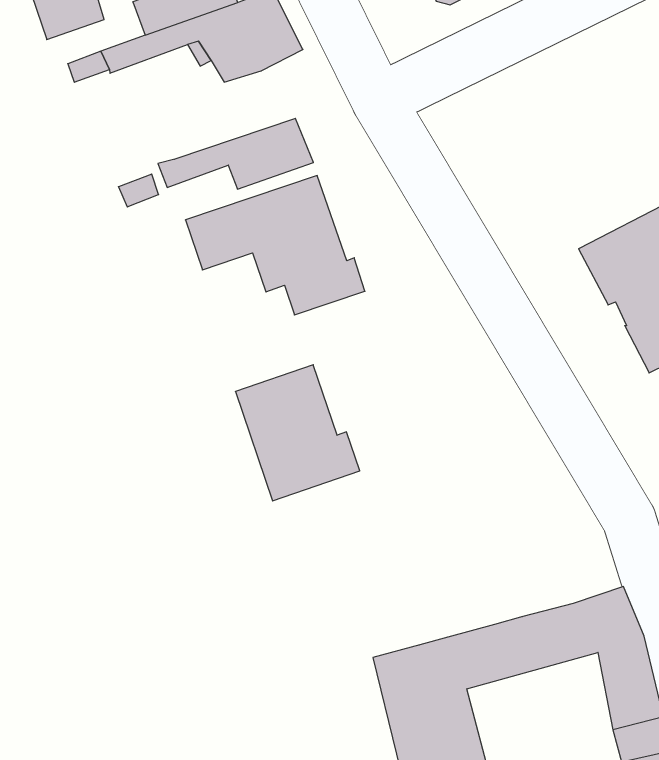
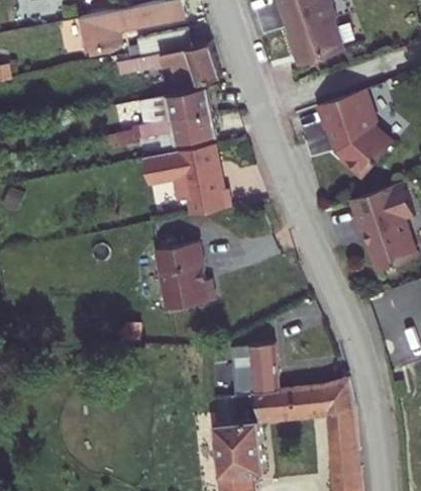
building: none -> [316,90,391,179]
building: none -> [140,89,211,125]
building: none -> [228,345,277,396]

